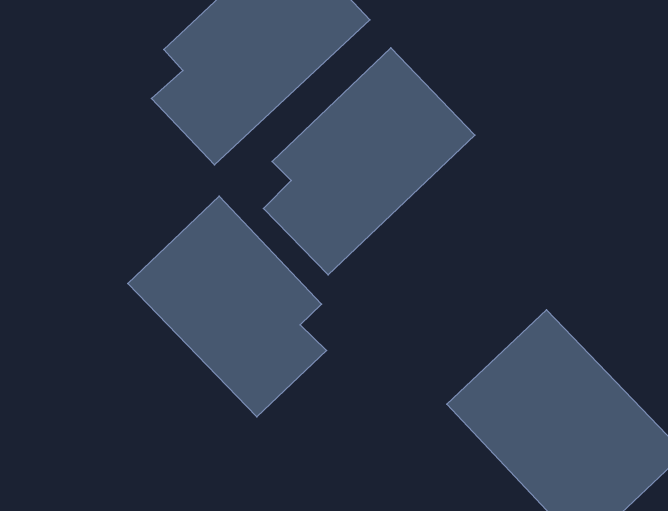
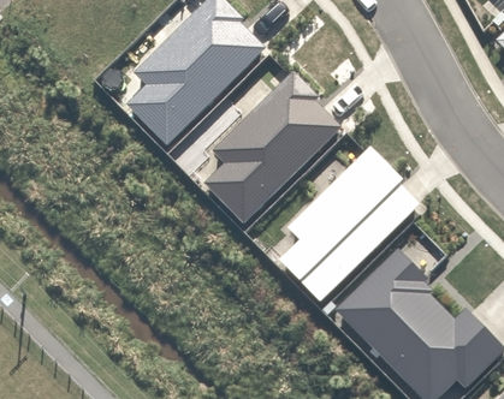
building: none -> [284,145,426,300]
building: [128,196,327,417] -> none

